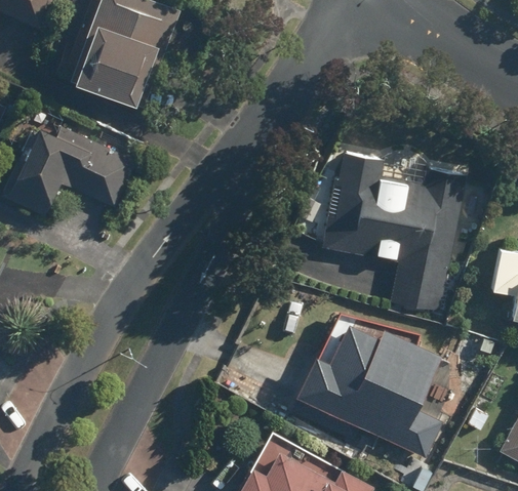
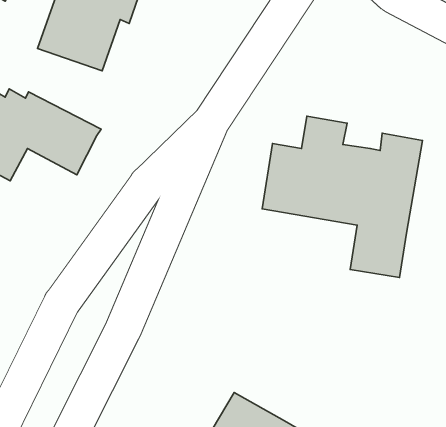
building: [289,313,444,458] -> none

